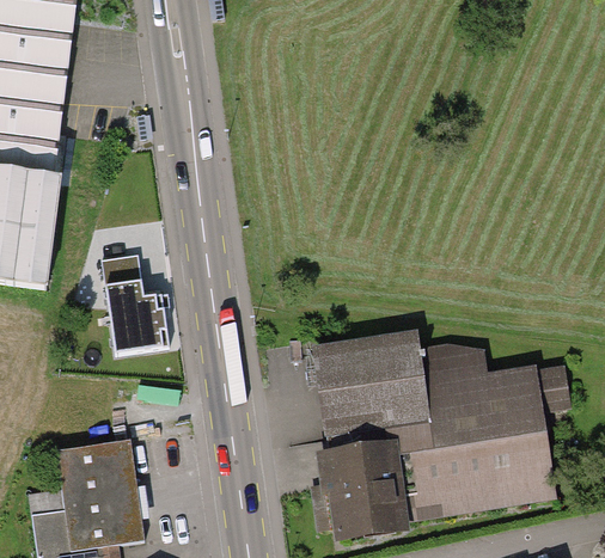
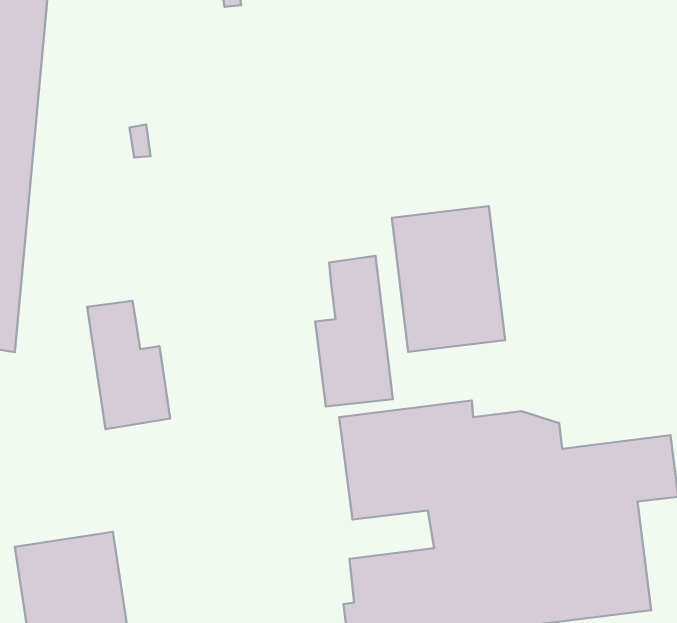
building: none -> [392,206,505,352]
building: none -> [315,256,393,406]

